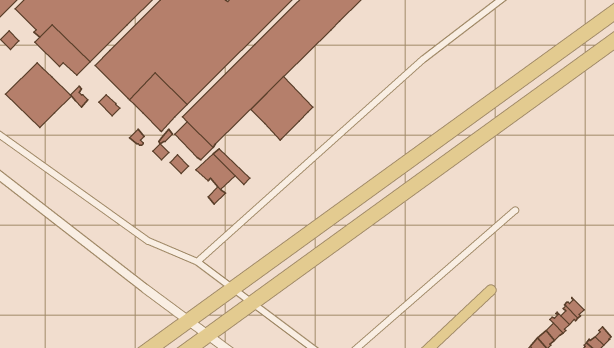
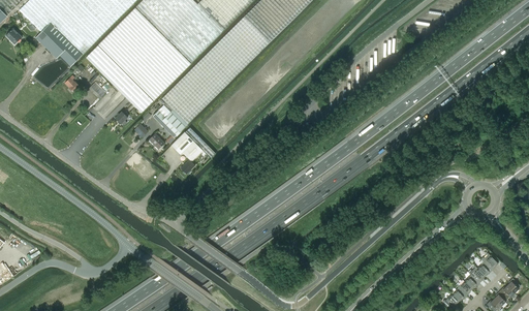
building: [6,63,72,128] -> none
building: [251,77,313,140] -> none

